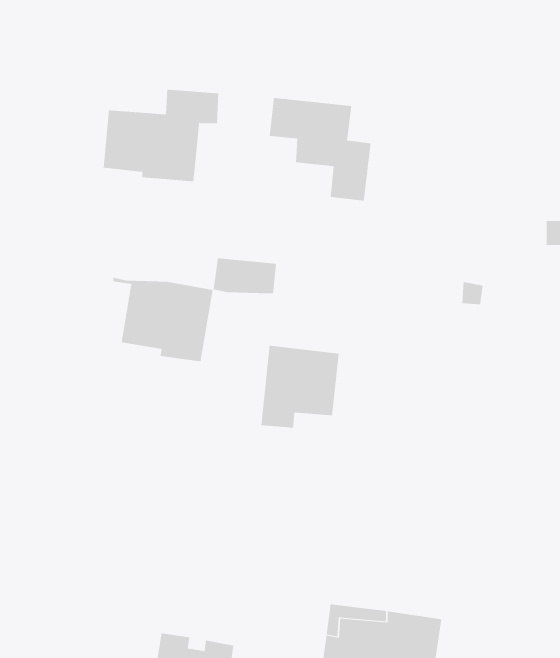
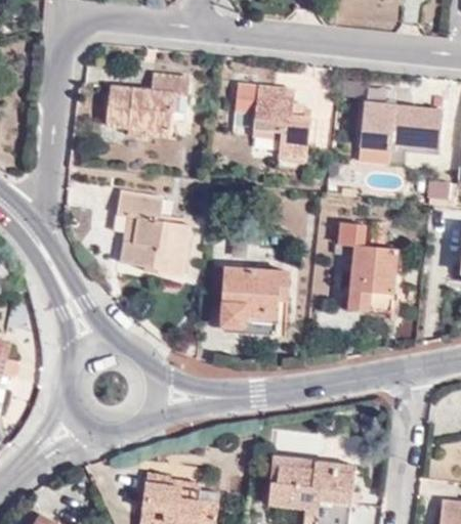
building: none -> [357,102,438,152]
building: [213,258,277,294] -> [112,191,159,218]
building: none -> [346,245,400,311]

